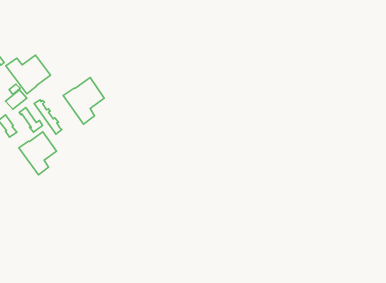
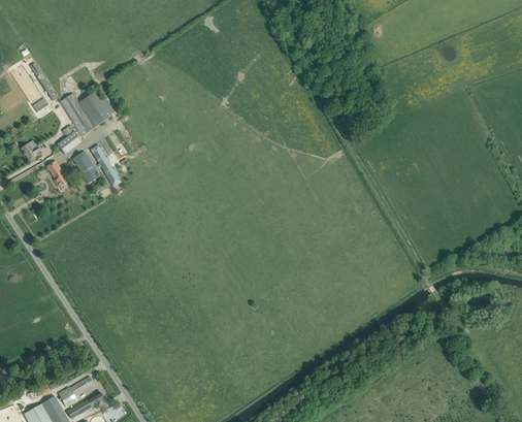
building: [63,78,104,124] -> none
building: [19,132,56,175] -> none

